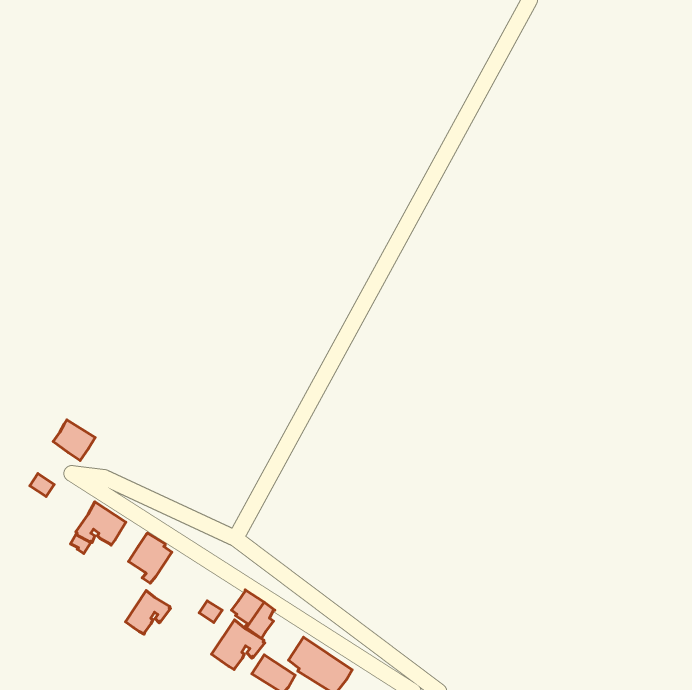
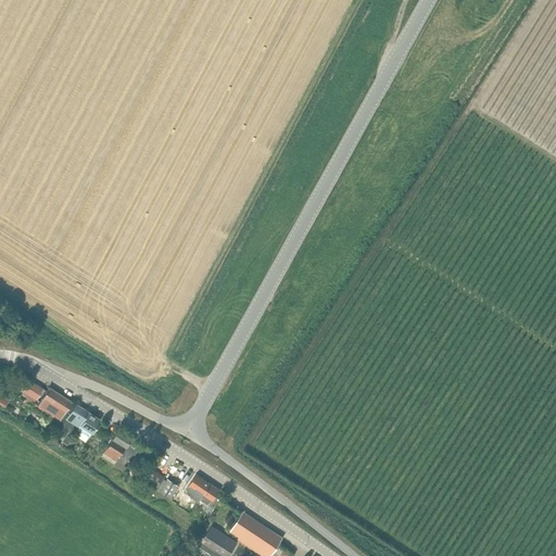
building: [53,420,95,461] -> [38,389,72,421]
building: [125,590,171,634] -> none
building: [211,620,265,670] -> none

